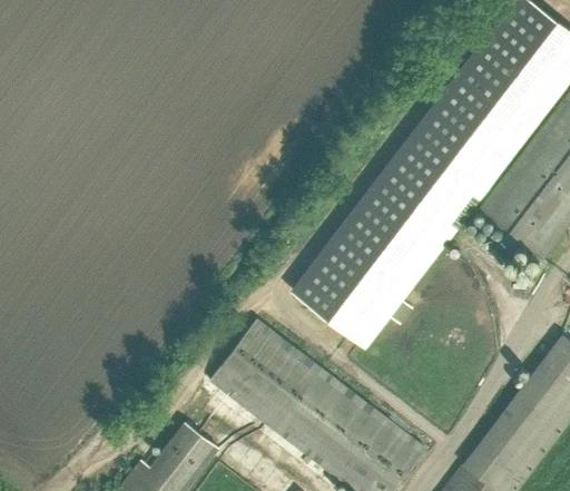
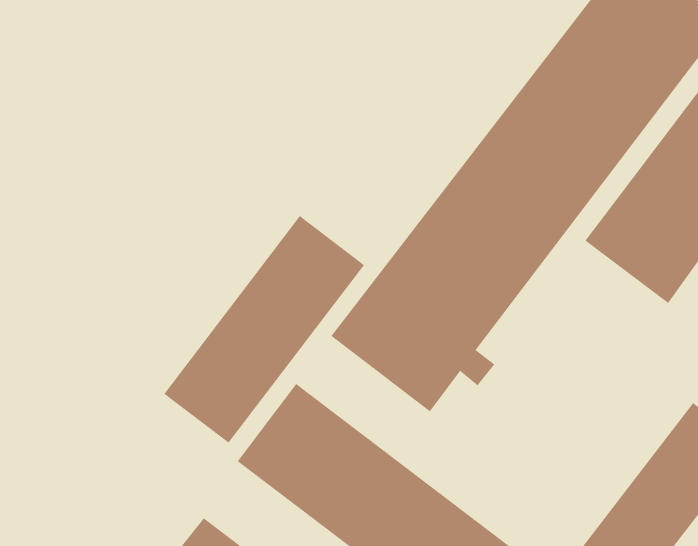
building: none -> [163,215,365,444]

